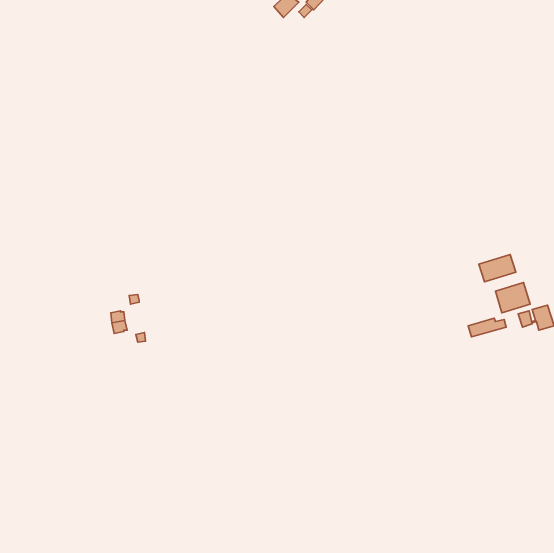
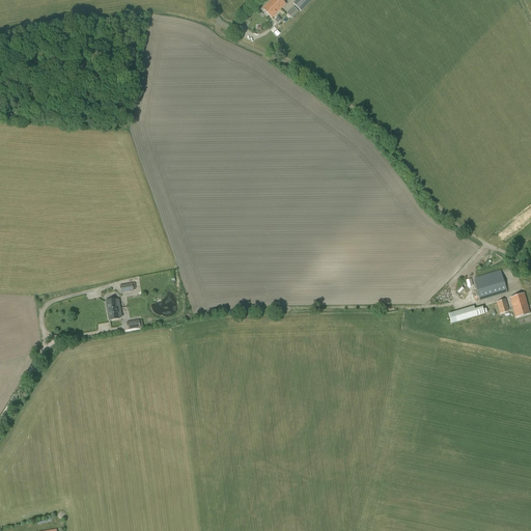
building: [479,254,516,282] -> none

